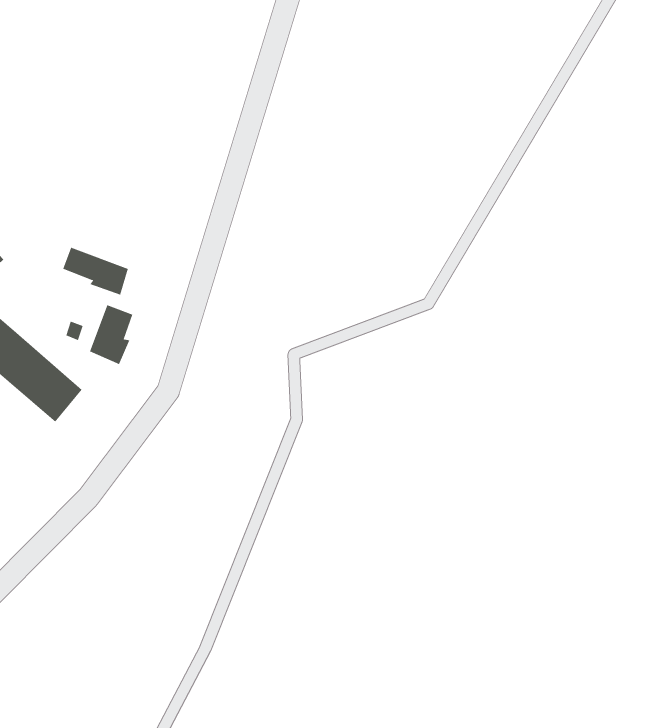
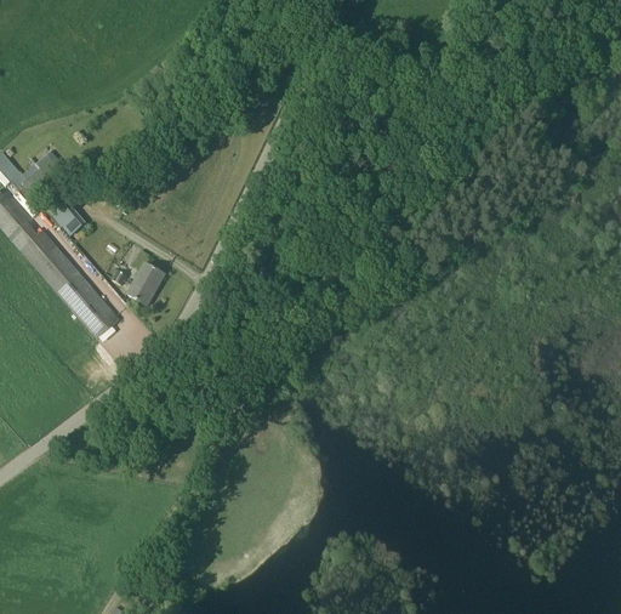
building: [63,247,128,295] -> none

